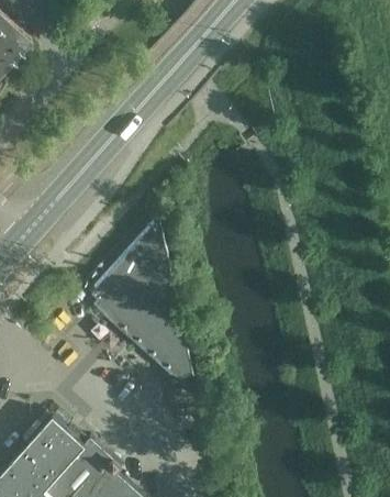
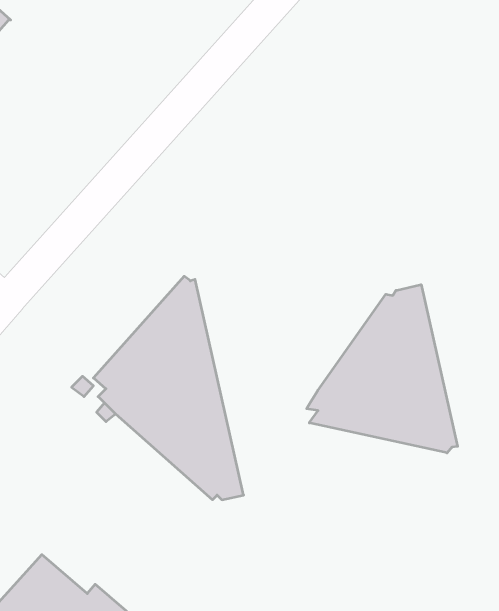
building: none -> [307,285,458,453]

